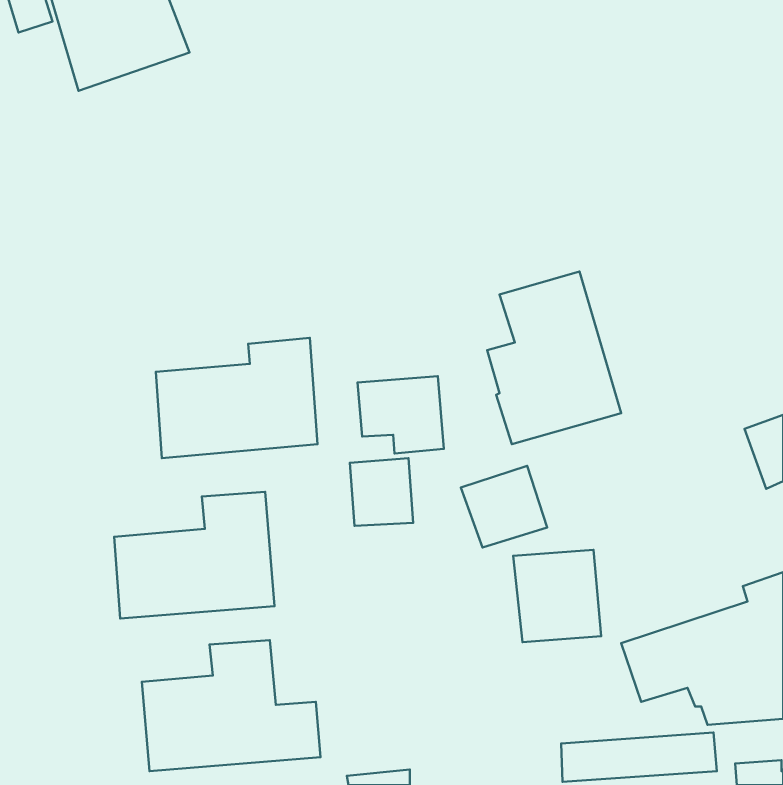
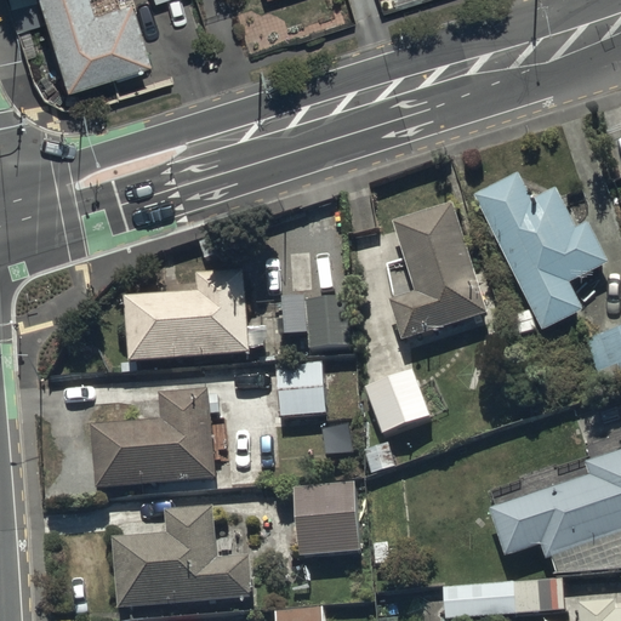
building: none -> [473,181,609,342]
building: [513,550,601,642] -> [291,479,360,552]

